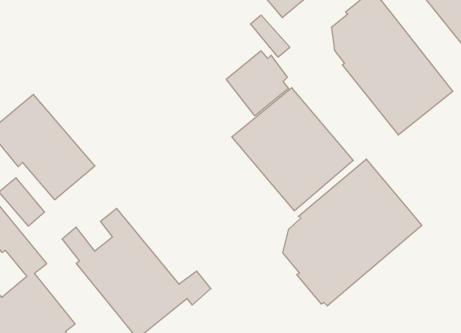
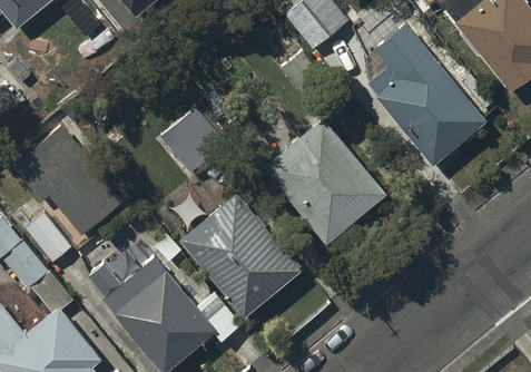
building: [226,51,289,116] -> [163,106,226,172]
building: [283,159,422,306] -> none
building: none -> [181,194,301,317]

